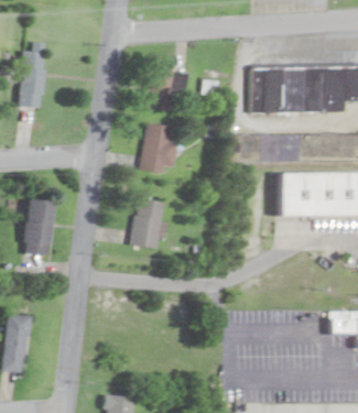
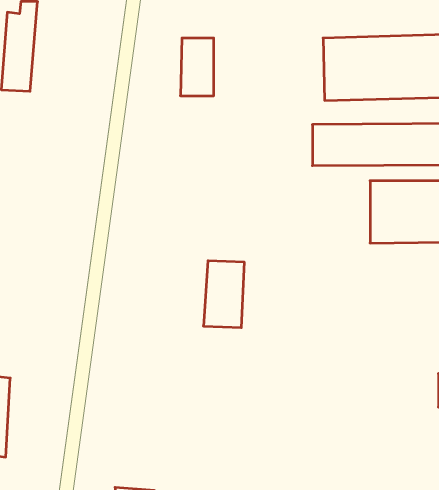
building: [142,123,180,173] -> none
building: [25,199,53,254] -> none
building: [134,199,164,248] -> [203,261,244,328]

